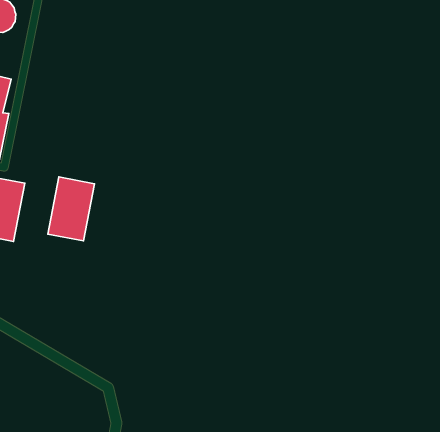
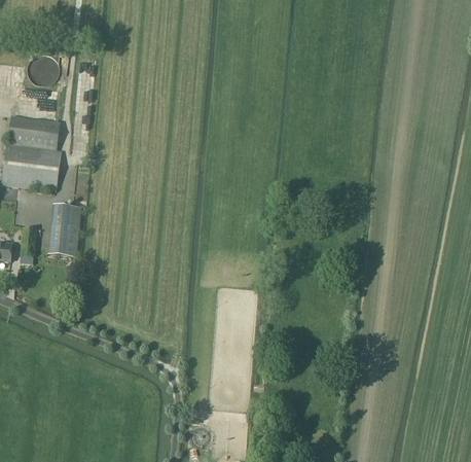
building: [48,177,94,241] -> none

